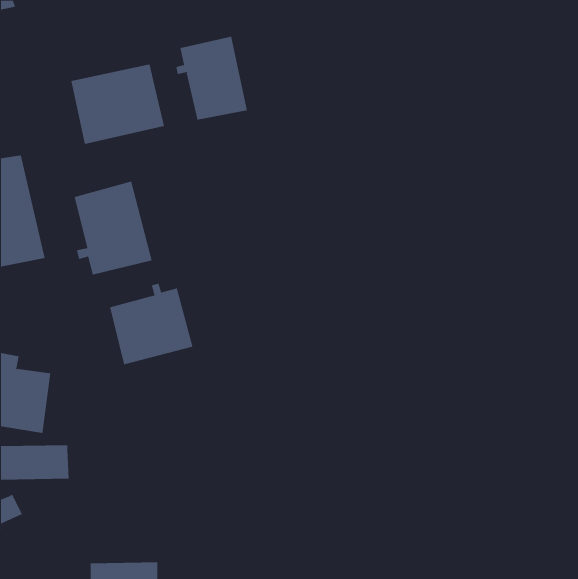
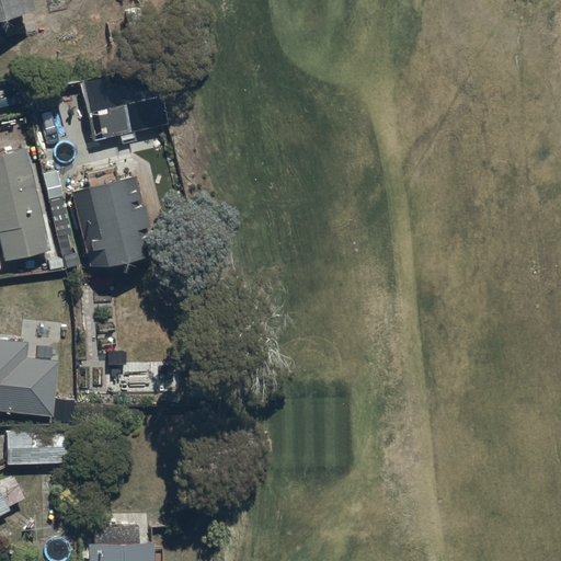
building: [176,36,247,121] -> none
building: [110,283,193,365] -> none

